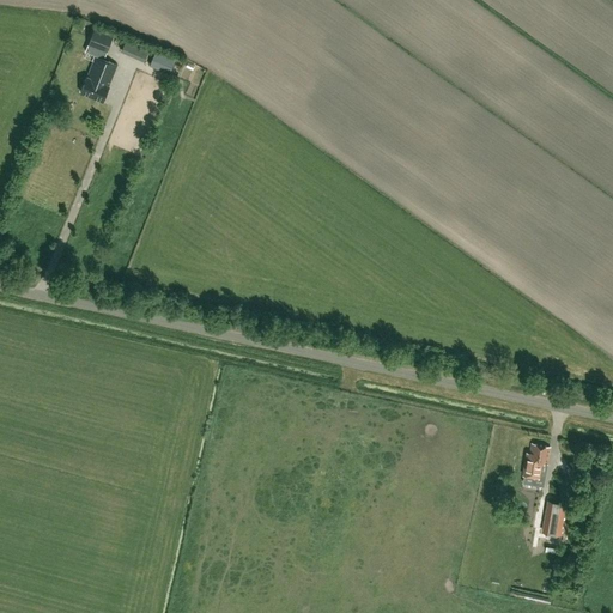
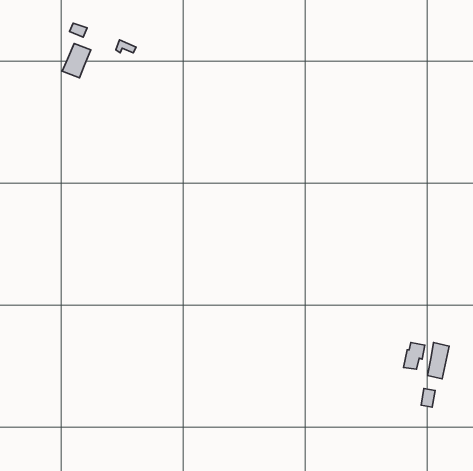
building: none -> [427,342,449,379]

